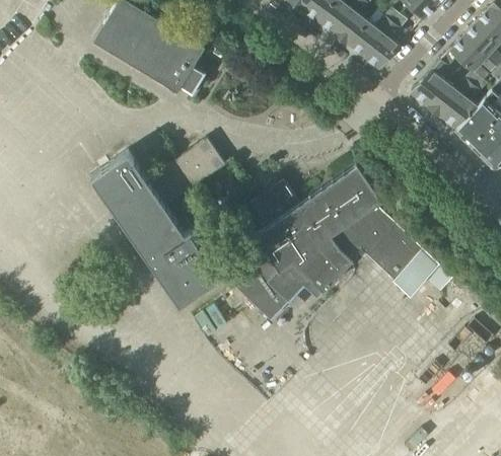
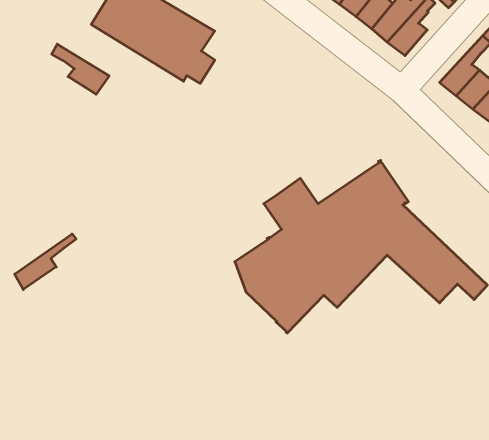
building: none -> [52,44,109,94]
building: [90,140,224,305] -> none
building: none -> [15,234,76,290]

